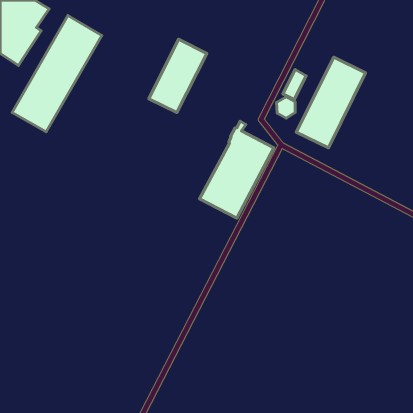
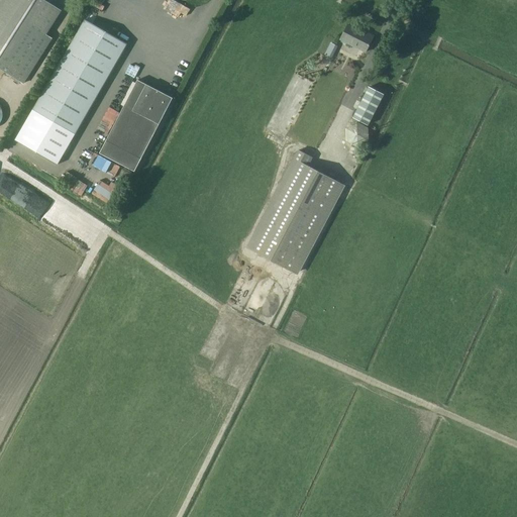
building: none -> [339,24,374,53]
building: [149,39,207,113] -> [100,79,173,171]
building: [296,57,366,148] -> none

